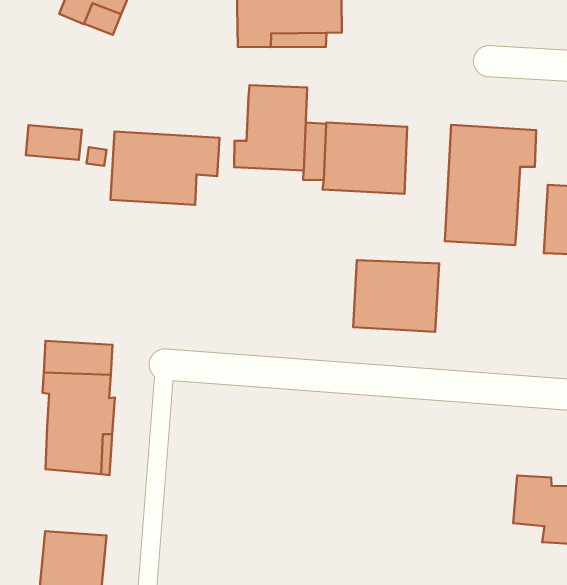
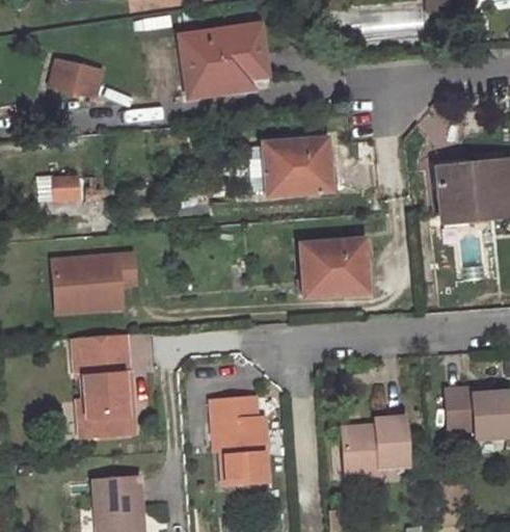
building: [234,85,307,171] -> none
building: [445,125,536,245] -> none
building: [110,132,220,205] -> [53,254,135,312]
building: none -> [213,397,269,482]
building: none -> [339,416,405,474]

